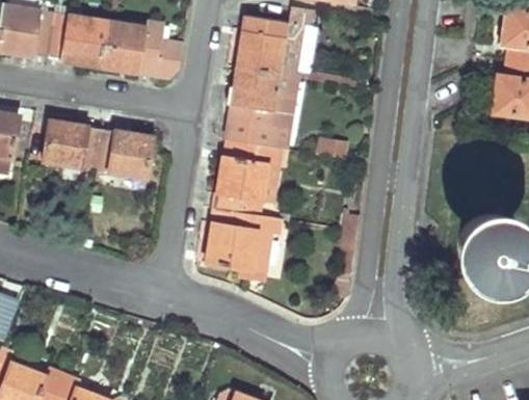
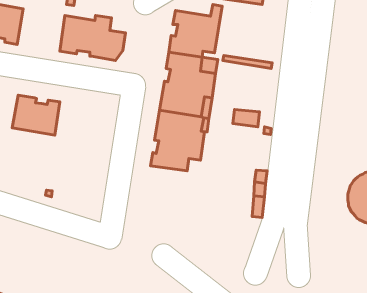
building: [47,12,106,65] -> none
building: [94,129,152,179] -> none
building: [205,209,273,272] -> none

